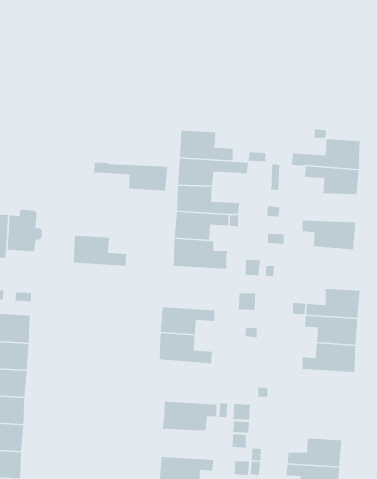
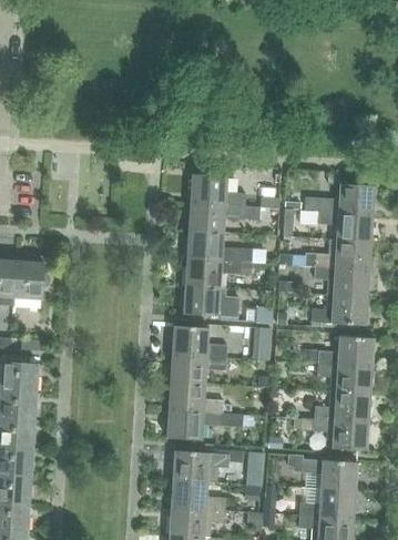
building: [93,162,168,191] -> none
building: none -> [306,238,371,268]
building: [73,235,127,266] -> [172,326,227,358]
building: none -> [312,294,368,325]
building: none -> [166,409,243,440]
building: none -> [298,418,369,451]
building: none -> [286,455,358,491]
building: none -> [171,480,226,511]

